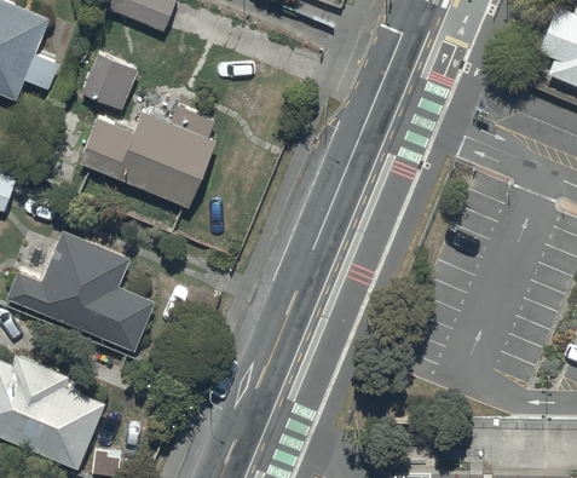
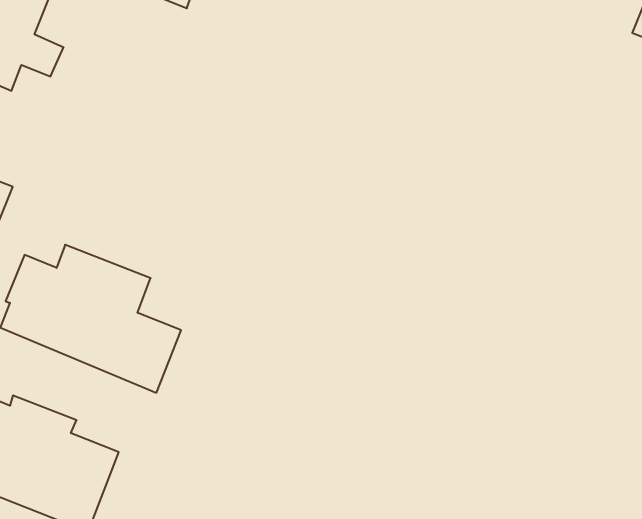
building: [80,54,139,111] -> none
building: [80,106,217,208] -> none

